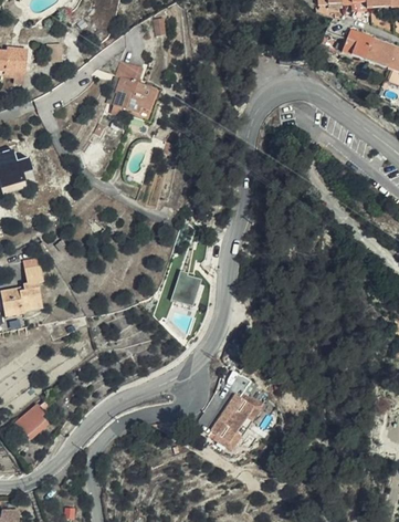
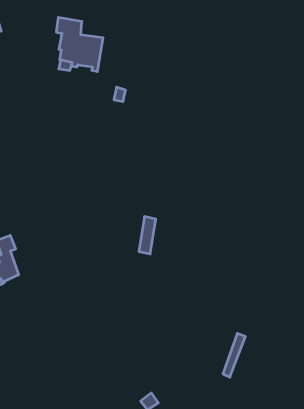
building: [217,390,254,438] -> none
building: [14,398,52,437] -> none

